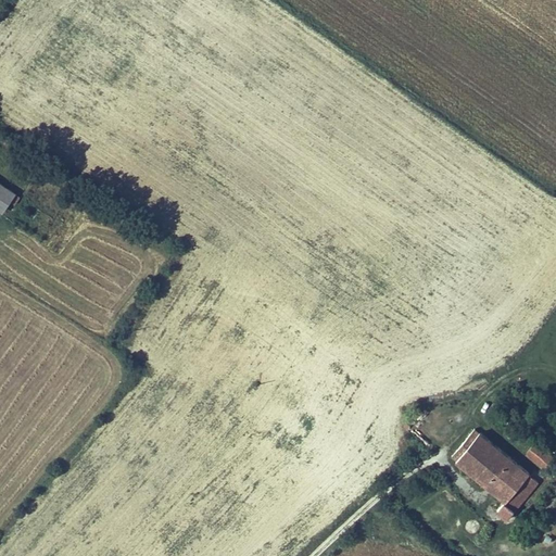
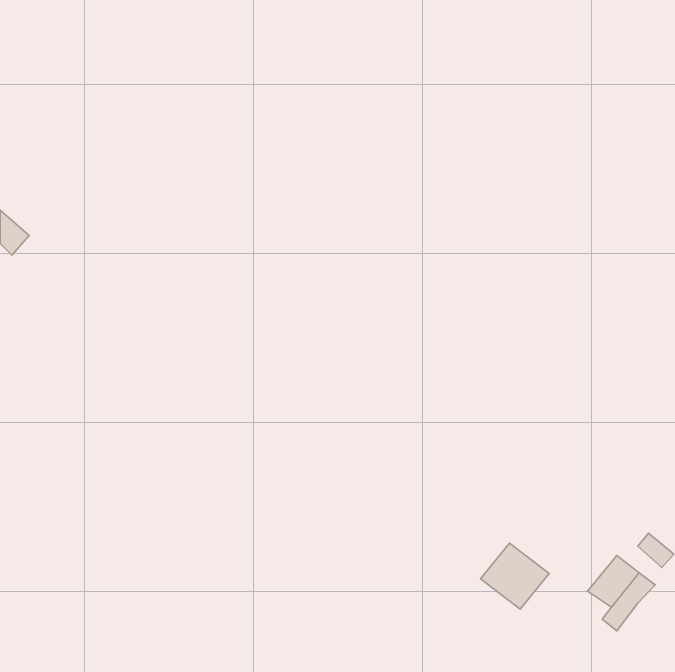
building: [451,434,507,489] -> [480,543,549,609]

